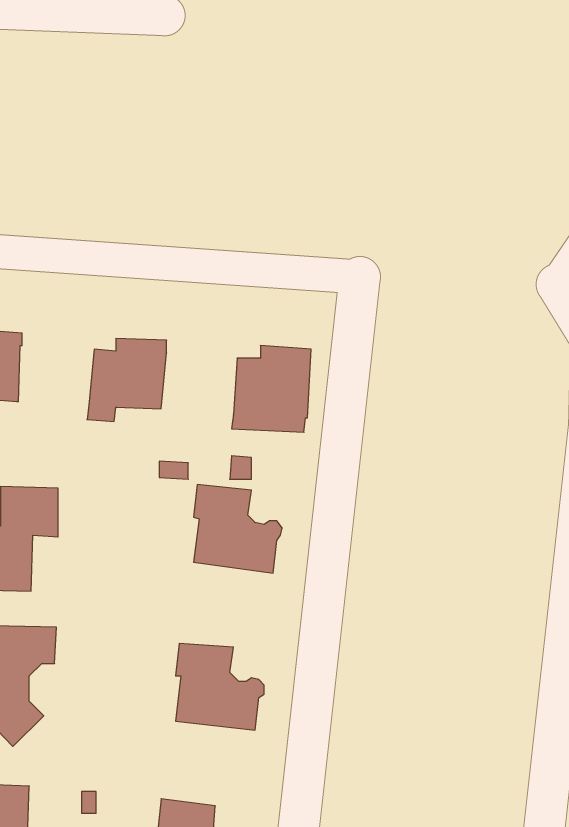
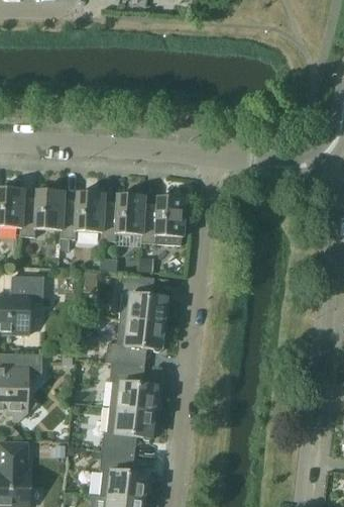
building: none -> [21,189,65,236]
building: none -> [101,194,145,241]
building: none -> [106,317,164,365]
building: none -> [102,406,154,453]

